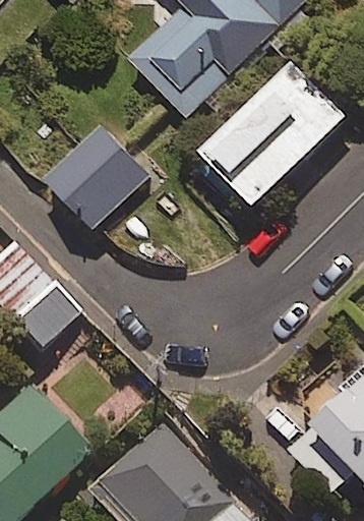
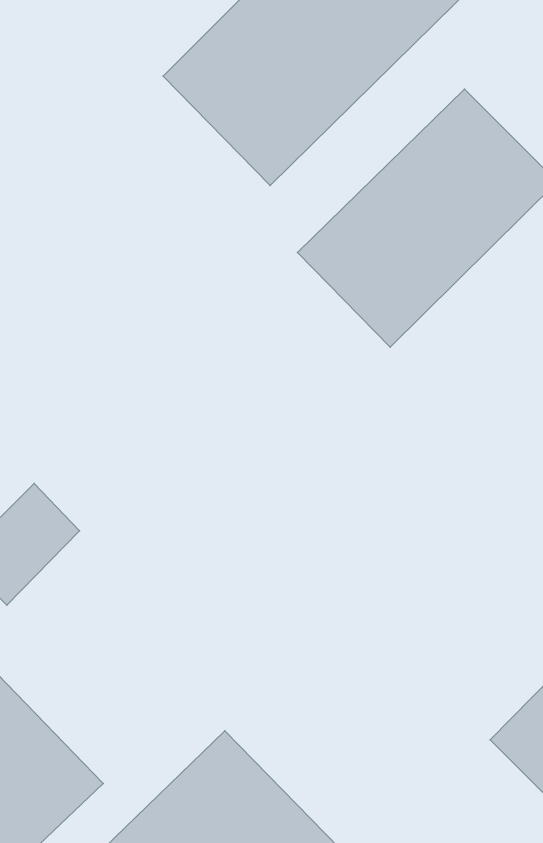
building: [43,124,147,229] -> none

